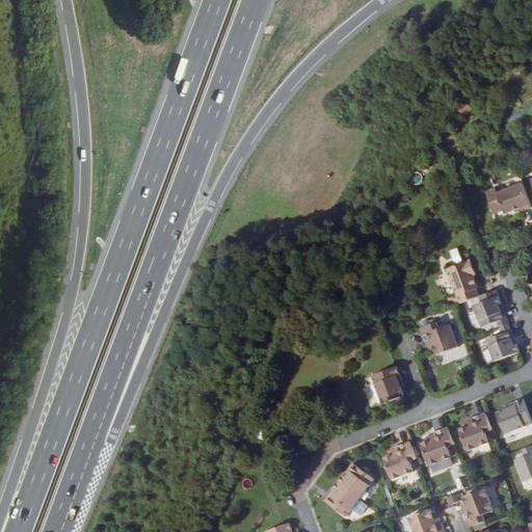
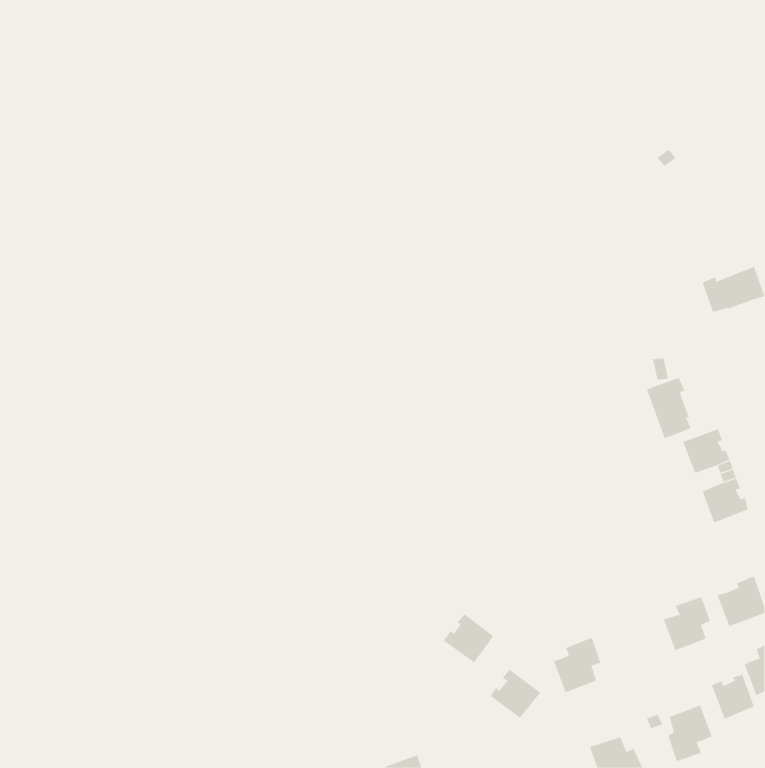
building: [419,322,458,355] -> none
building: [372,365,404,403] -> none
building: [420,427,453,464] -> none
building: none -> [711,674,754,719]
building: [324,481,360,515] -> [443,614,494,663]

